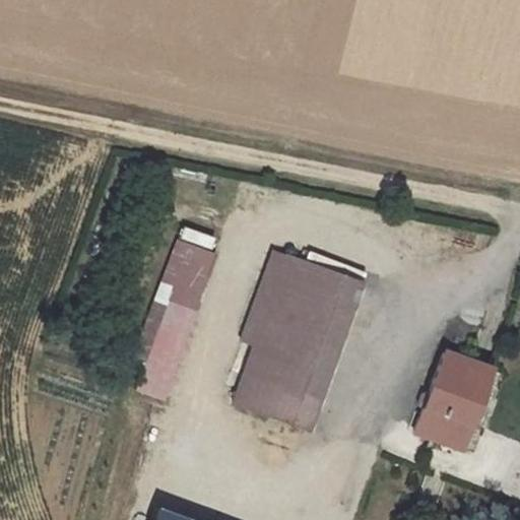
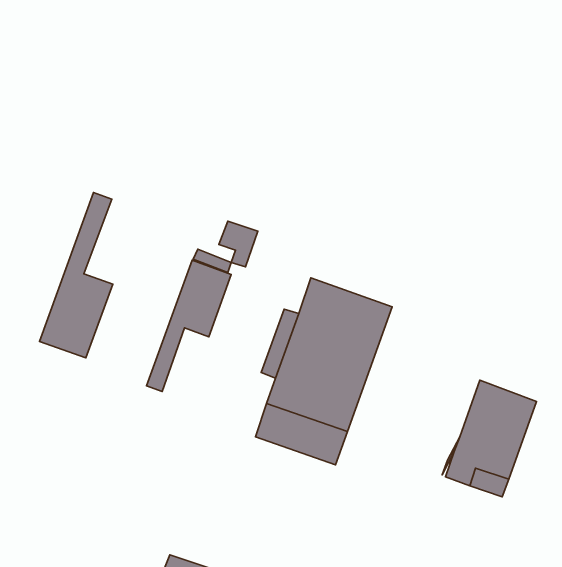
building: none -> [40,193,113,358]
building: [254,246,289,287] -> [219,221,258,267]
building: [143,301,196,394] -> none

